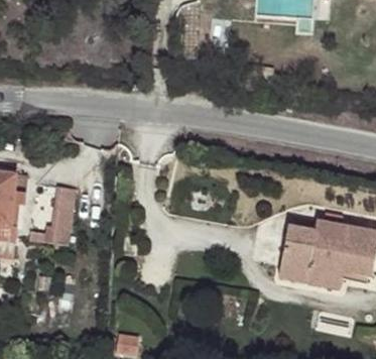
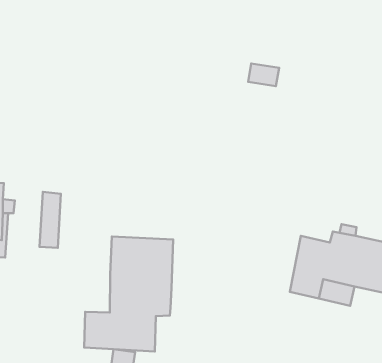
building: none -> [84,236,173,352]

